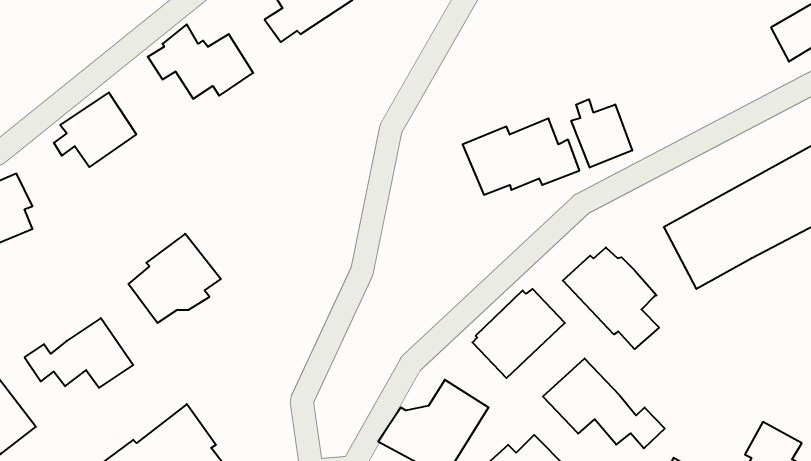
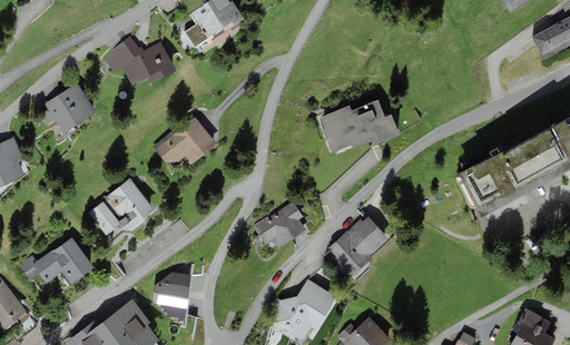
building: [571,99,632,168] -> none
building: none -> [154,116,216,168]
building: [563,247,659,349] -> none
building: none -> [253,200,306,248]
building: [543,358,665,448] -> none
building: none -> [154,272,190,319]

